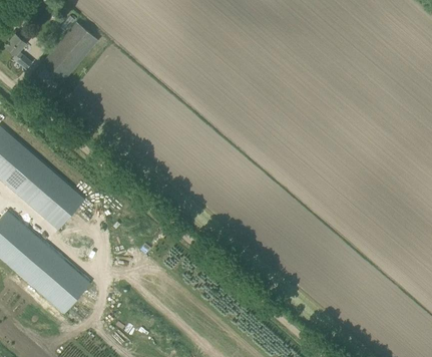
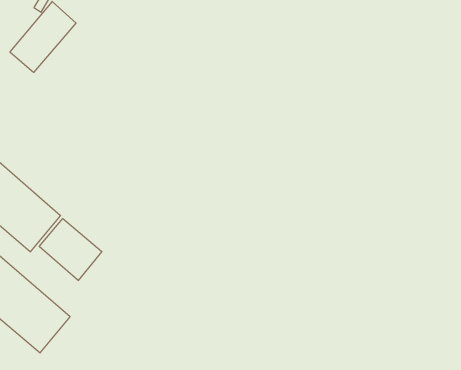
building: none -> [39,219,102,281]

